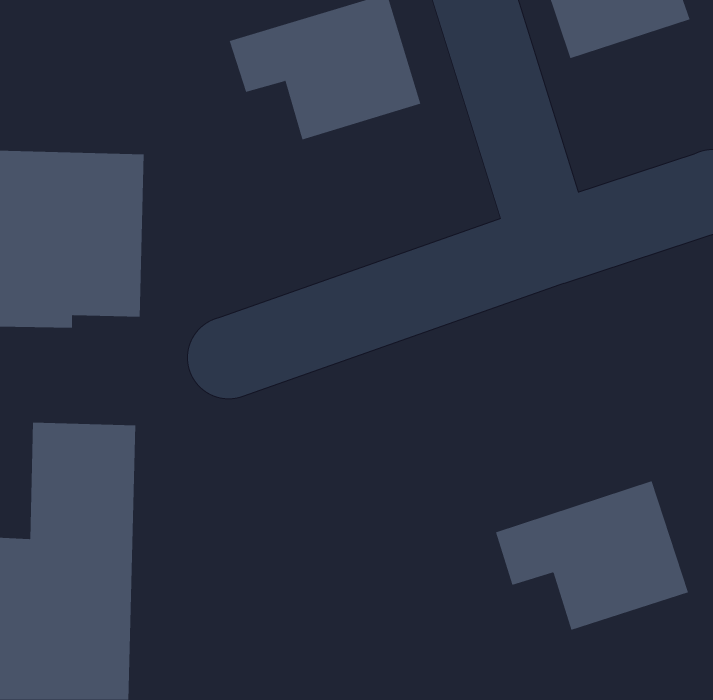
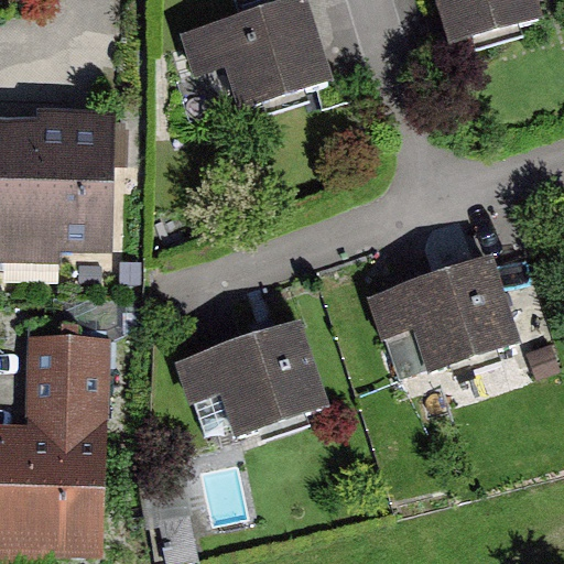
building: none -> [175,318,329,438]
building: [495,480,689,630] -> [367,254,519,372]

